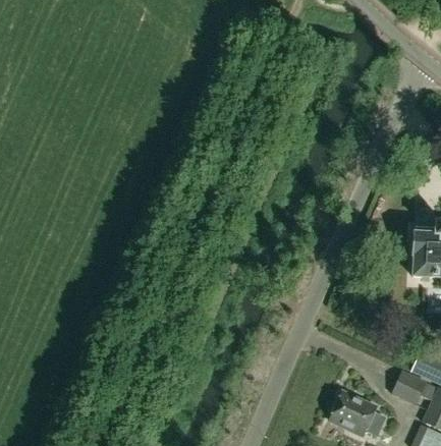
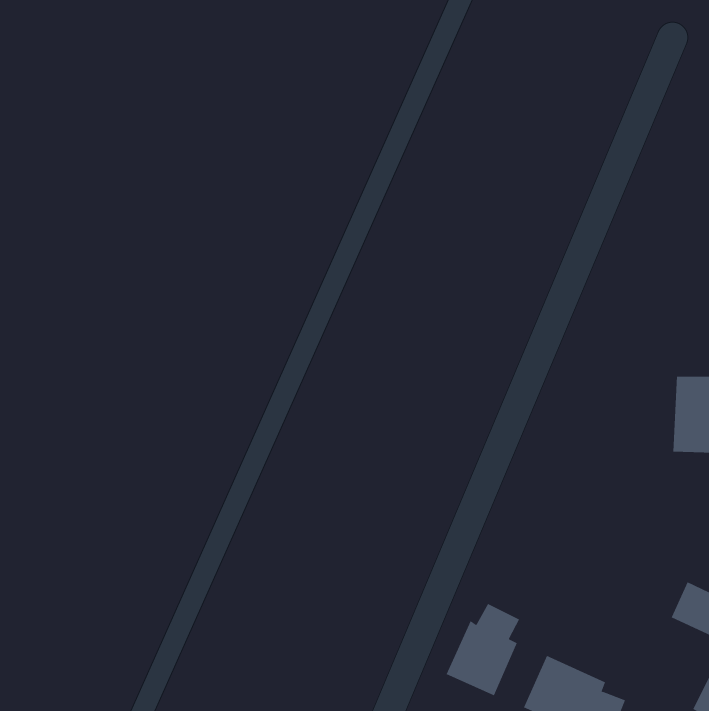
building: none -> [446,603,520,696]
building: [391,371,426,405] -> none

